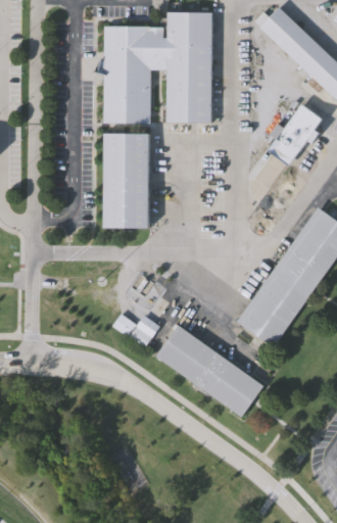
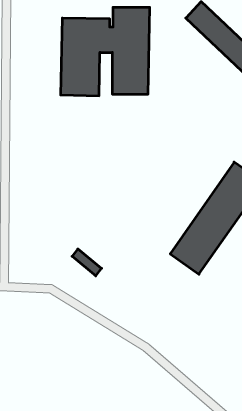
building: [268,102,322,164] -> none
building: [98,130,146,227] -> none
building: [155,325,262,417] -> none

